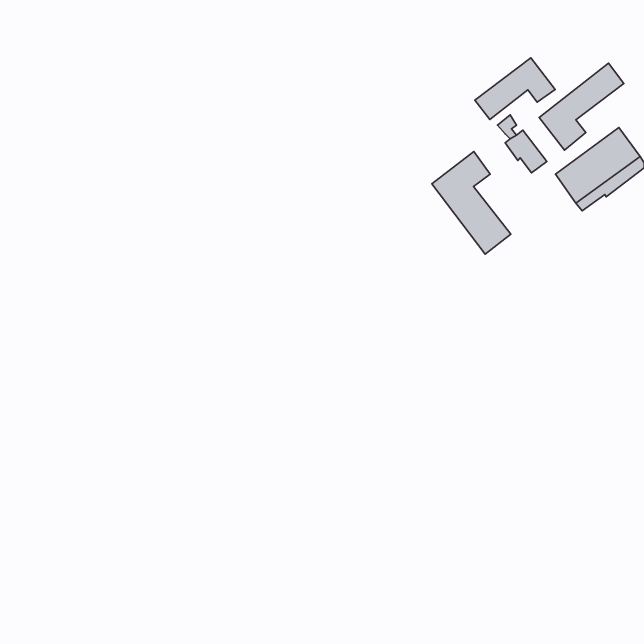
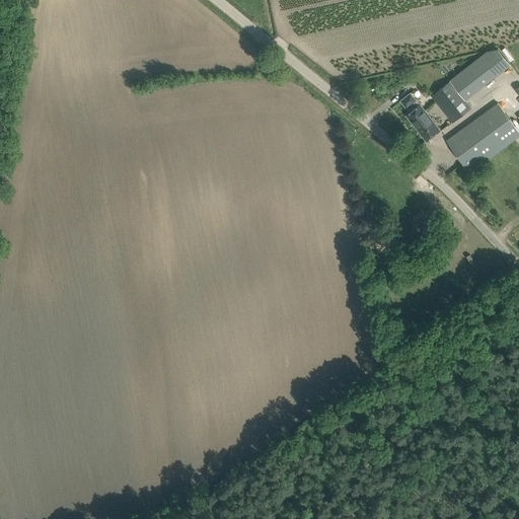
building: [475,58,555,119] -> none
building: [432,152,511,254] -> none

